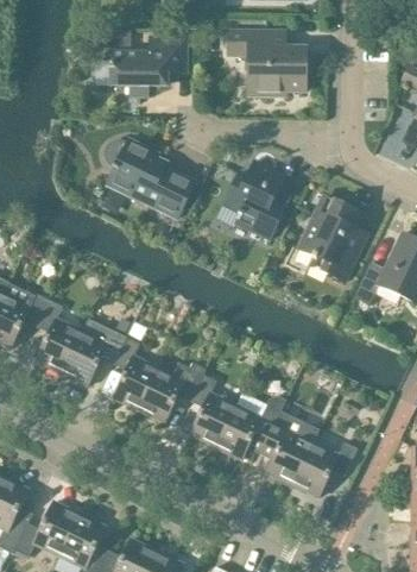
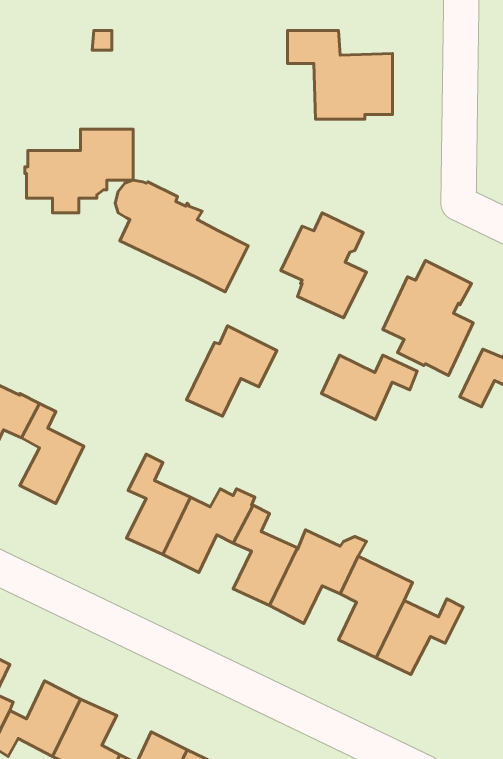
building: [109,36,188,96] -> [25,129,133,213]
building: none -> [322,355,417,419]
building: [62,320,127,385] -> [187,326,277,416]

